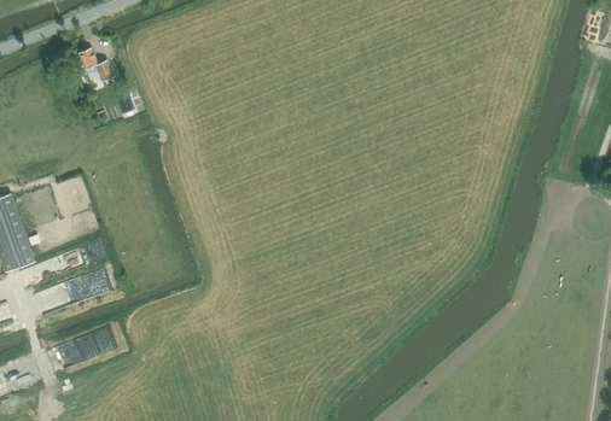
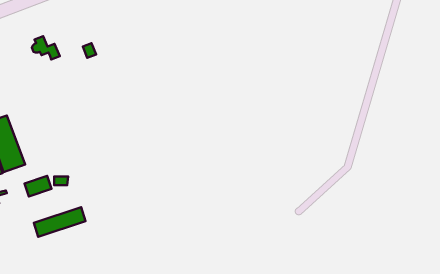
building: [76,49,115,82] -> [32,36,60,60]

